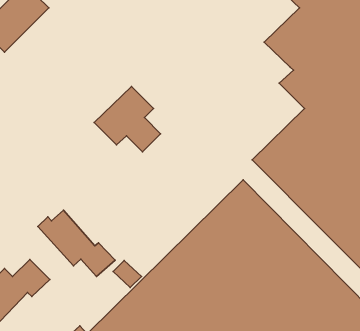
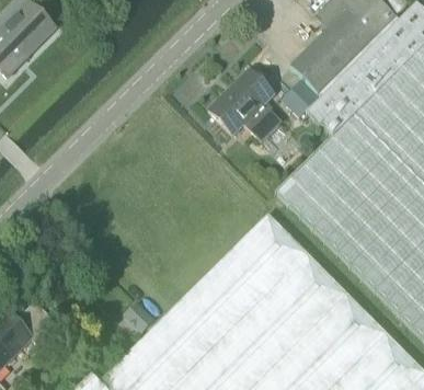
building: none -> [283,79,321,116]
building: [94,86,161,152] -> [208,68,280,139]
building: [38,210,115,277] -> none

